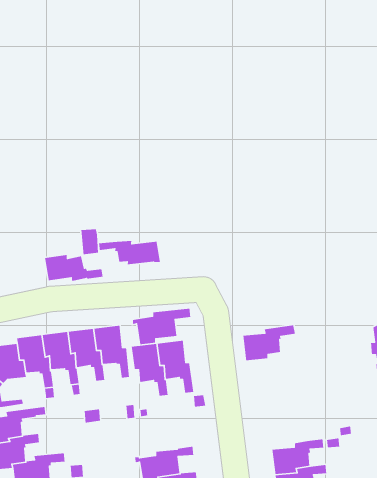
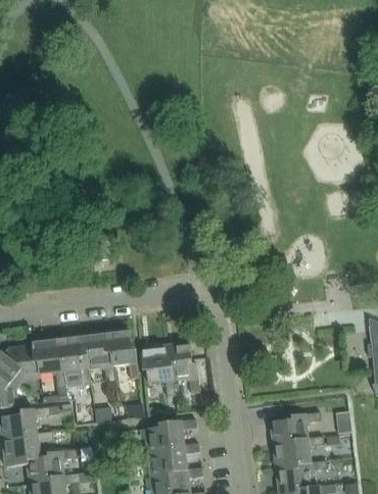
building: [98,240,161,265] -> none
building: [44,254,103,282] -> none
building: [132,308,191,345] -> [141,418,197,454]
building: [242,325,296,361] -> [271,411,322,446]

